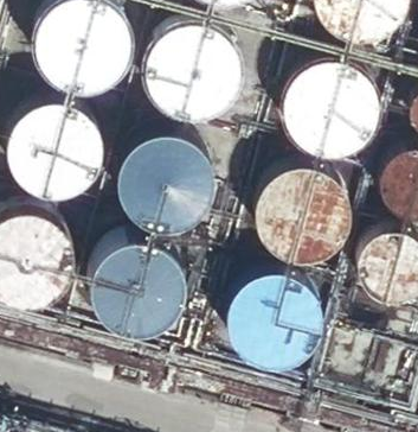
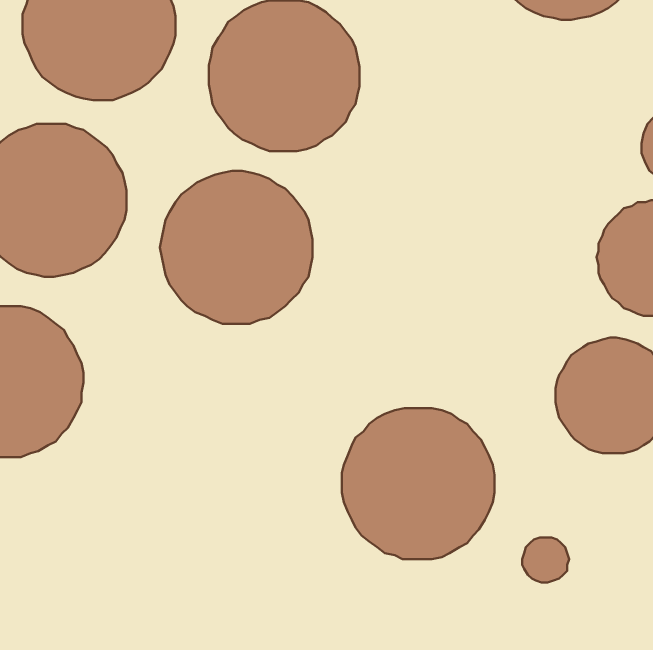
building: [289,65,381,158] -> none
building: [256,171,348,262] -> none
building: [89,239,181,331] -> none

